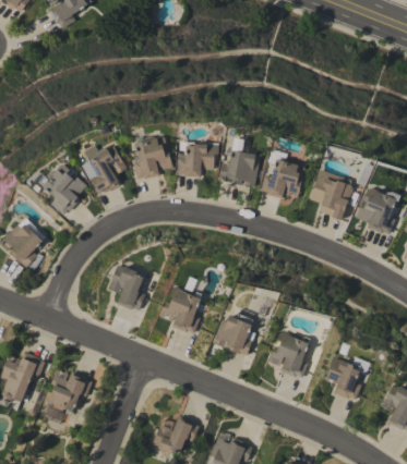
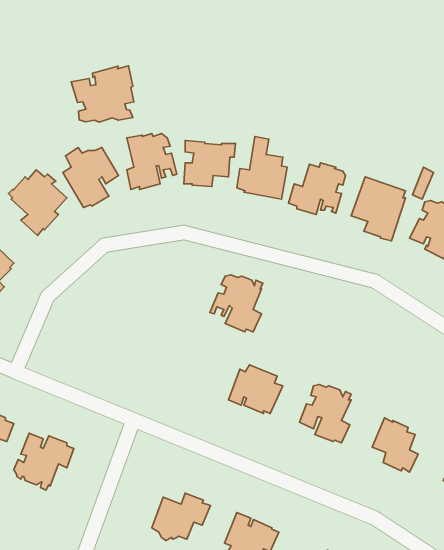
building: none -> [71,66,134,122]
building: [108,265,145,310] -> none
building: [159,288,201,332] -> [210,275,263,332]

